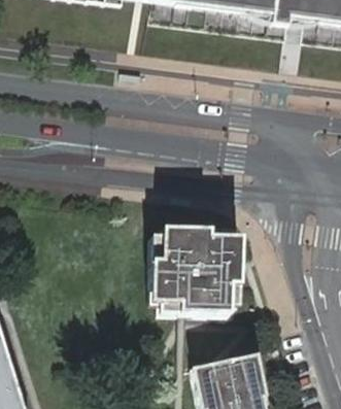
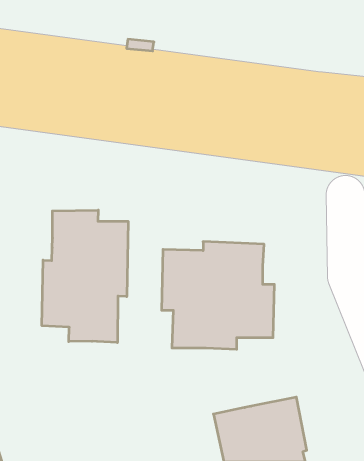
building: none -> [42,210,128,343]

